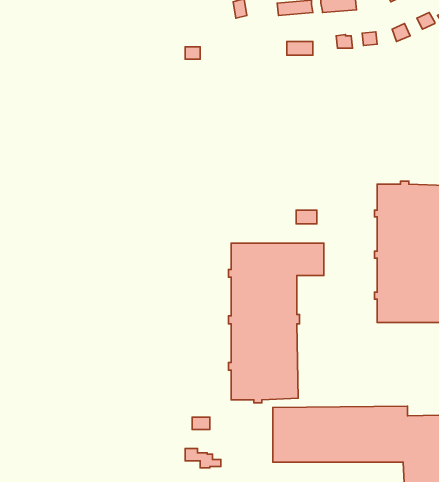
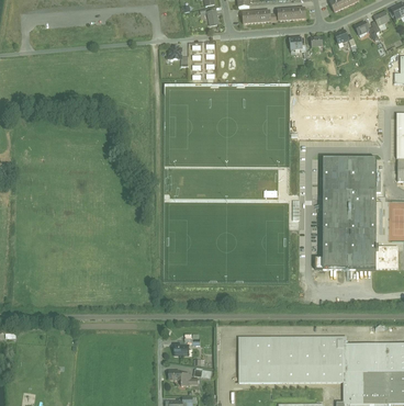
building: [228,243,324,403] -> none

